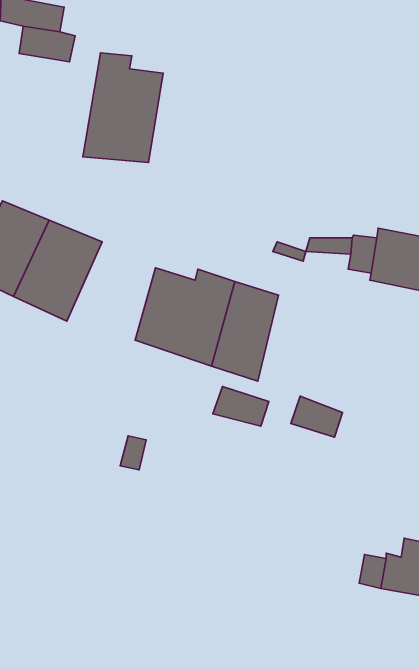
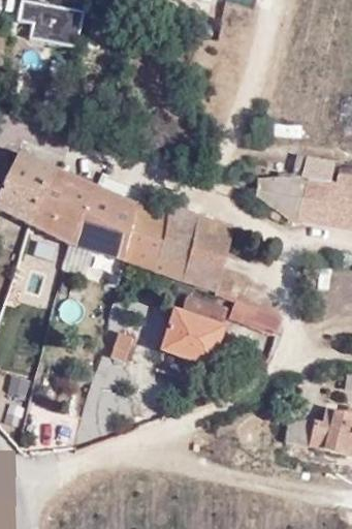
building: [83,53,163,162] -> none
building: none -> [71,184,140,259]
building: none -> [166,312,224,360]

